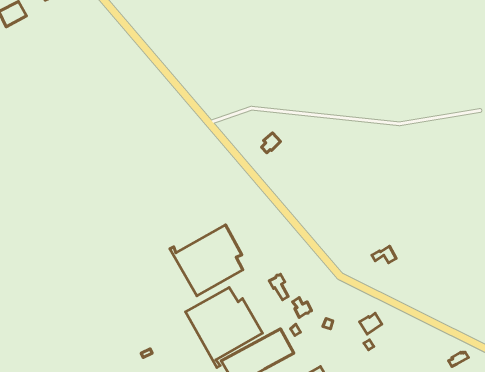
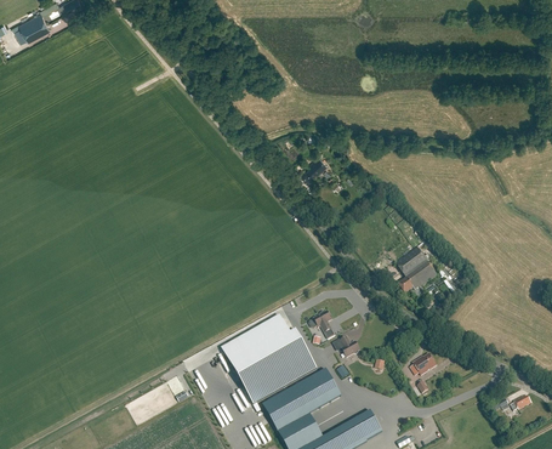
building: none -> [395,245,437,292]
building: [170,225,243,296] -> none

